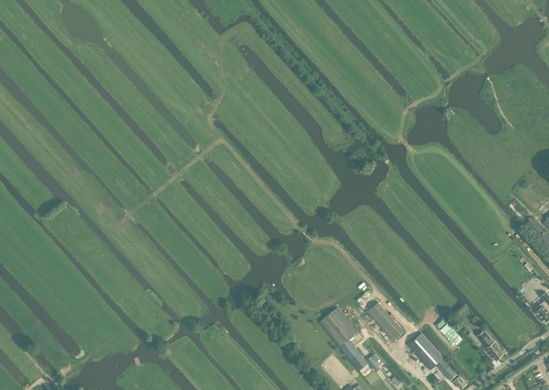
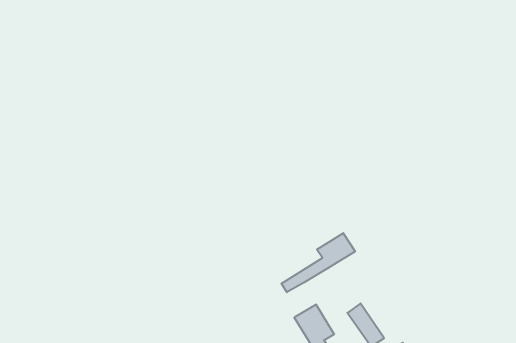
building: none -> [281,233,355,292]

